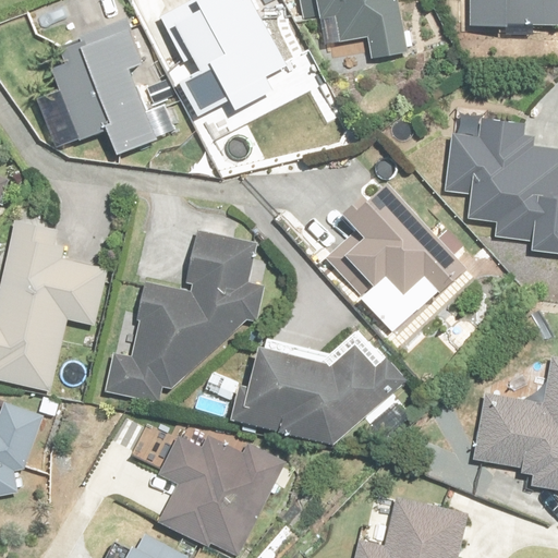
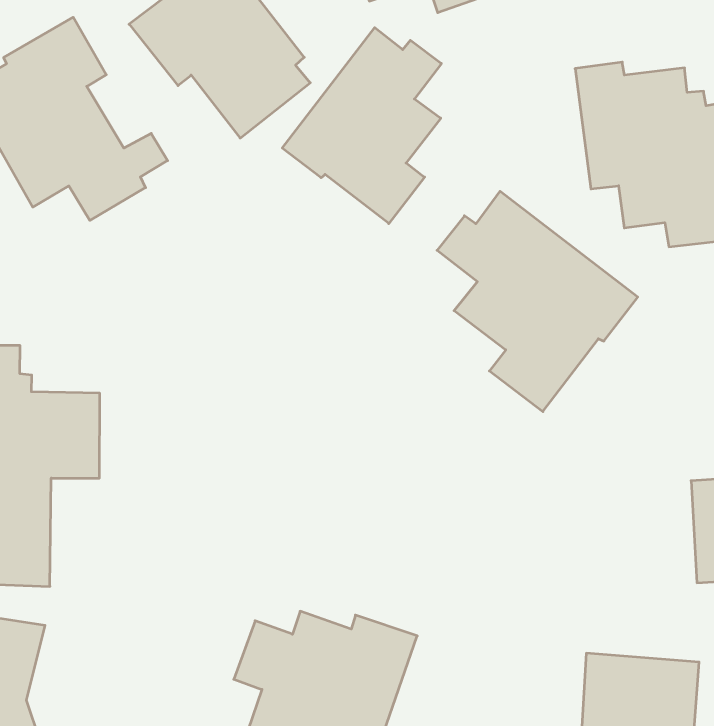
building: none -> [282,28,441,224]
building: [105,230,266,402] -> none
building: [239,336,407,445] -> none

